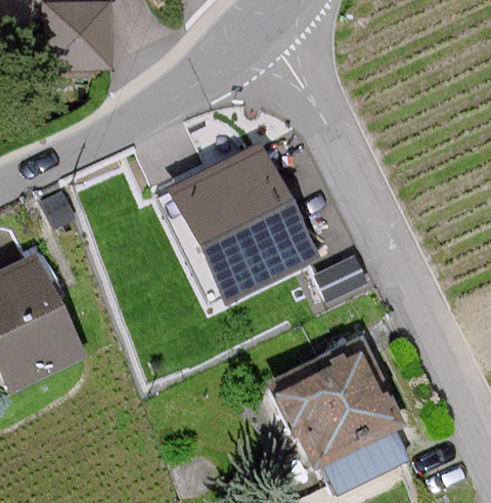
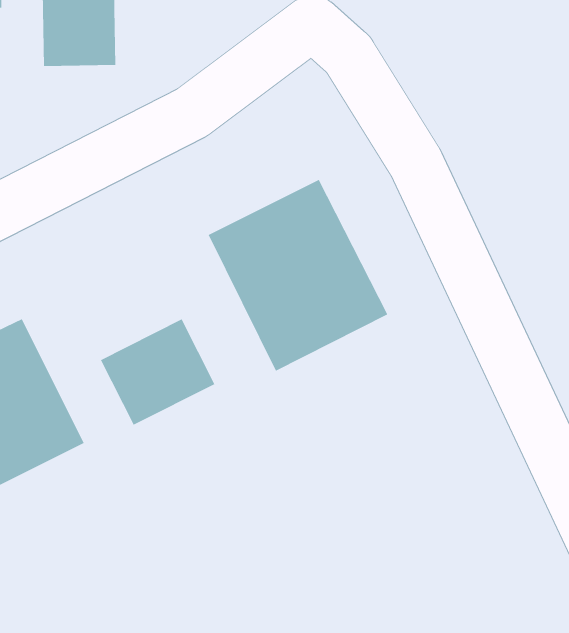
building: none -> [100,319,215,426]
building: [274,348,401,465] -> none

